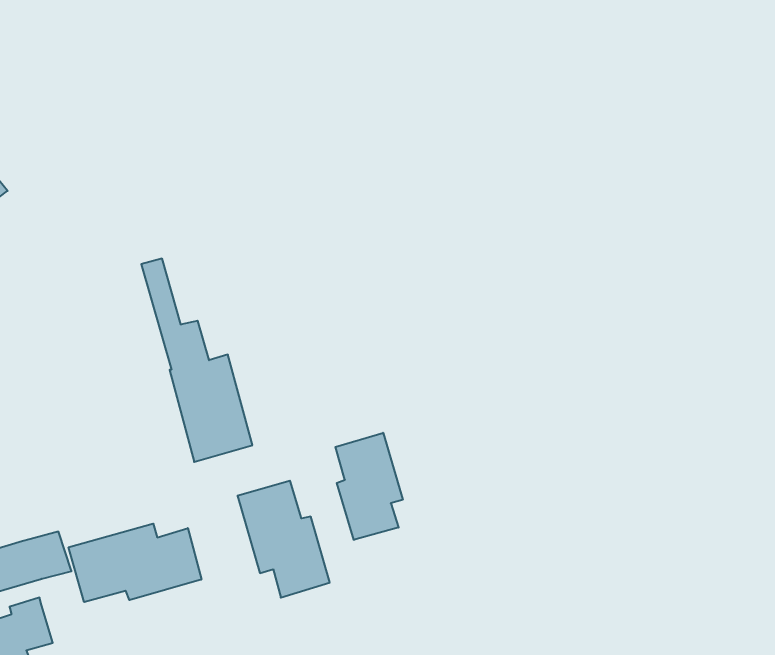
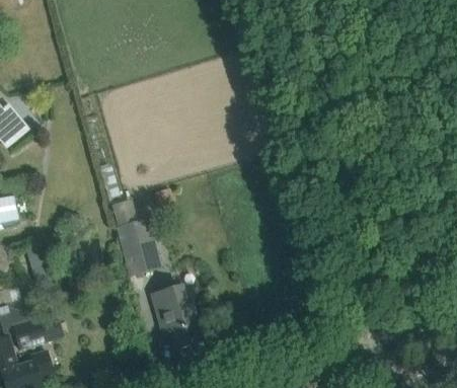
building: [335,433,403,540] -> none
building: [69,524,201,602] -> none

